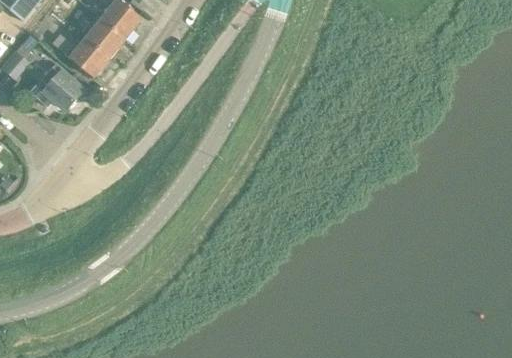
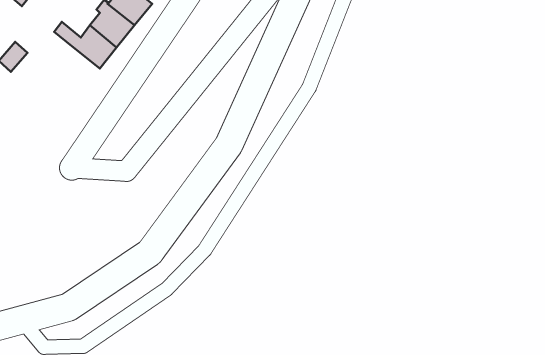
building: [30,64,83,108] -> none

